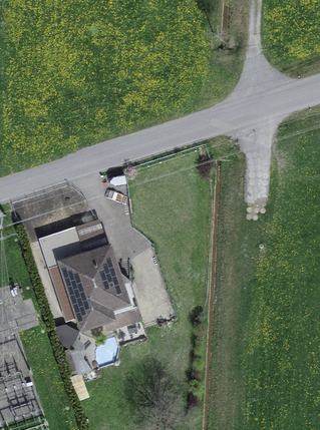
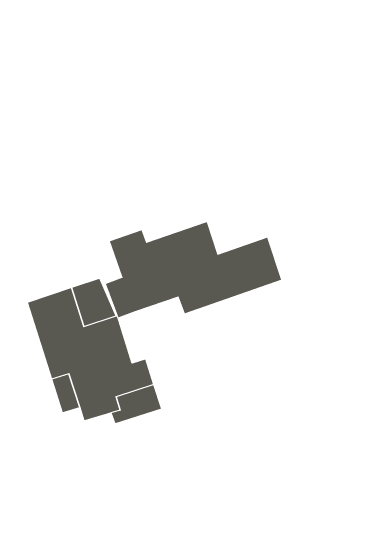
building: none -> [105,221,282,318]

